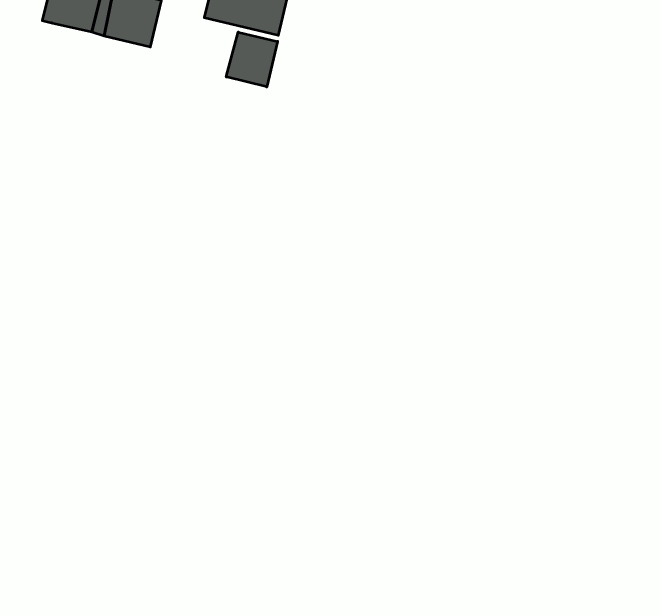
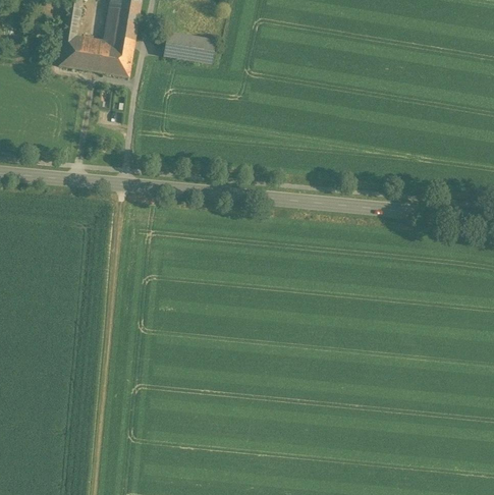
building: [226,32,278,87] -> none

